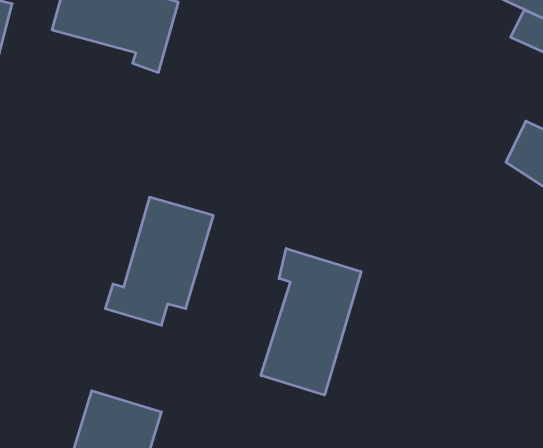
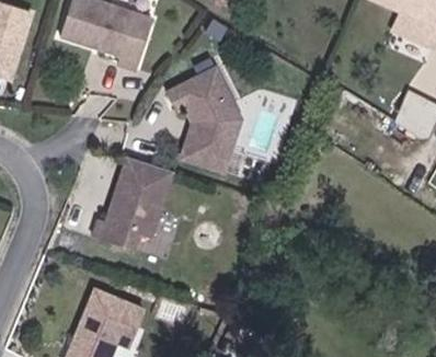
building: none -> [171,62,243,164]
building: [261,248,361,395] -> none

